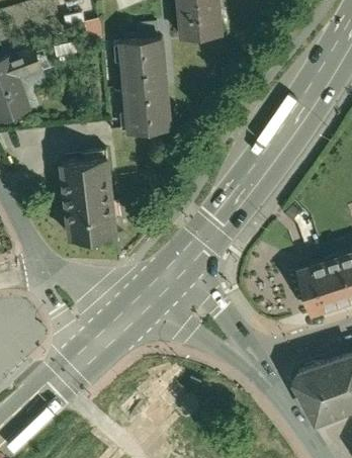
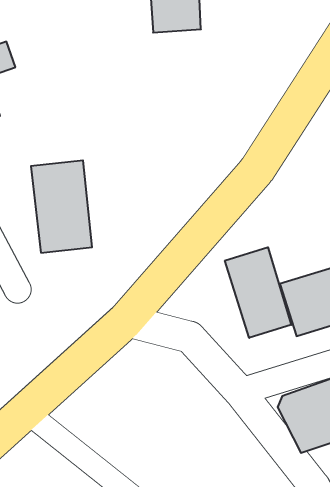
building: [122,37,169,131] -> none
building: none -> [225,247,291,338]

